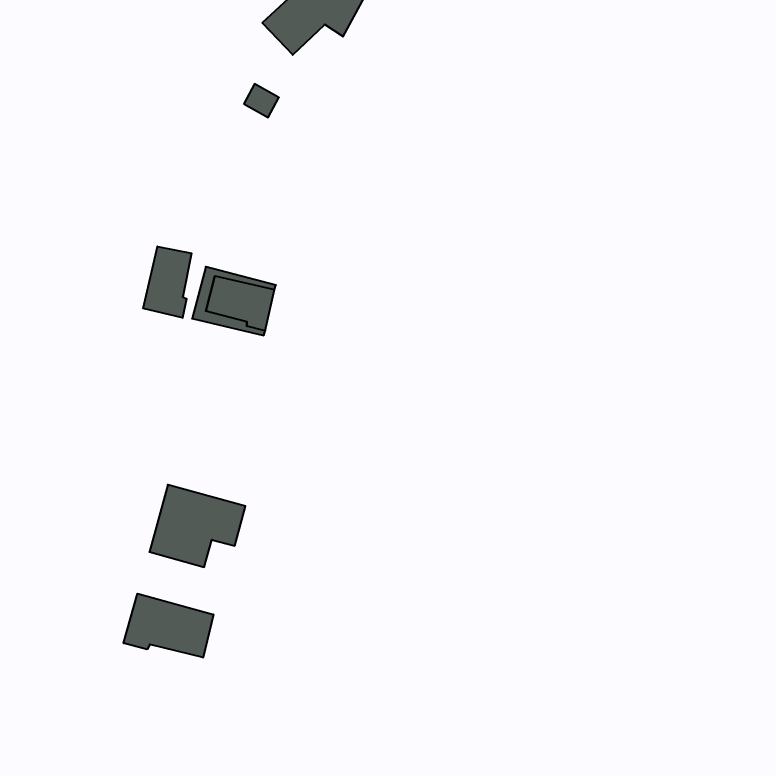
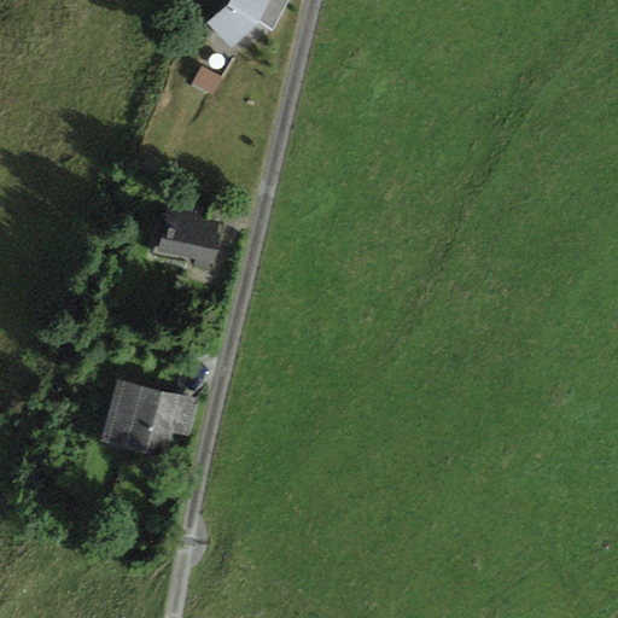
building: [143,246,192,318] -> none
building: [124,594,213,658] -> none

